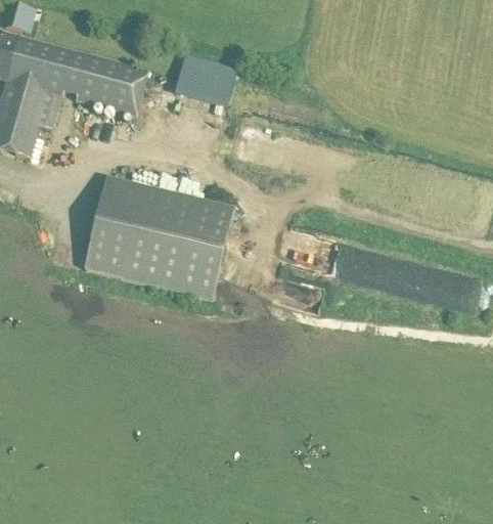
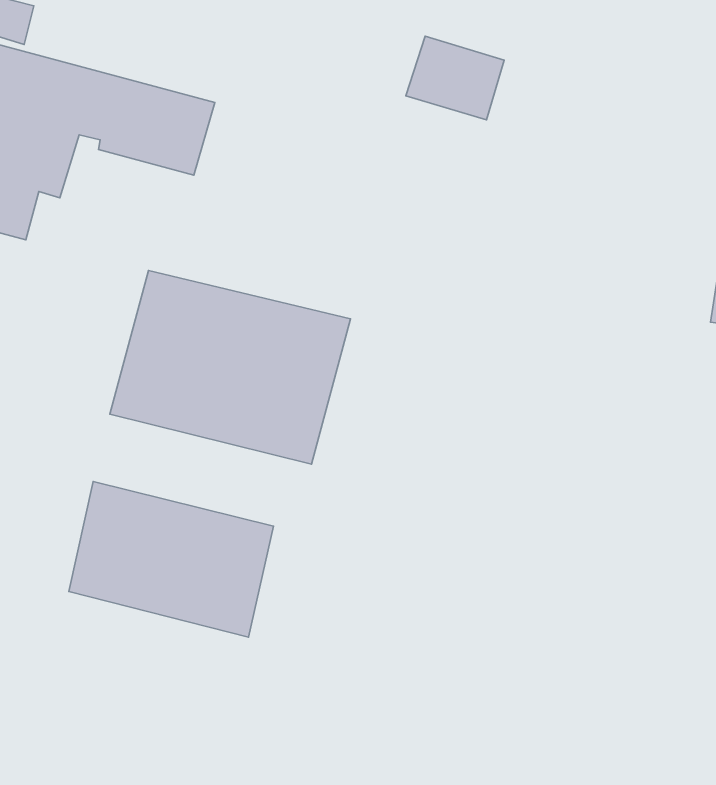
building: [174,51,236,104] -> [406,36,504,120]
building: none -> [69,481,274,637]

